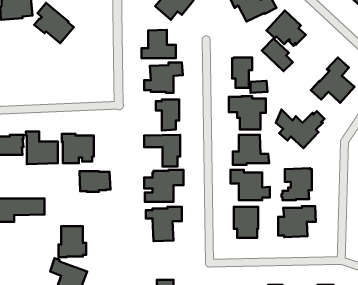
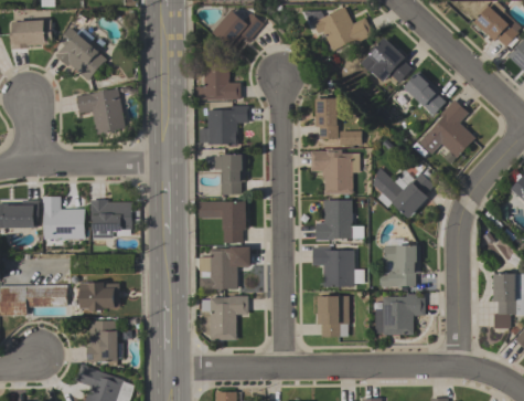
building: [262,39,293,71] -> [404,72,445,115]
building: none -> [76,88,126,135]
building: [79,171,110,192] -> [79,283,120,310]

